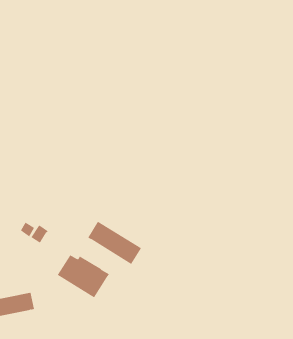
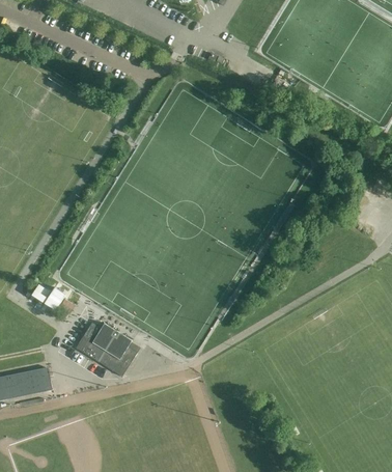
building: [87,221,142,265] -> none

